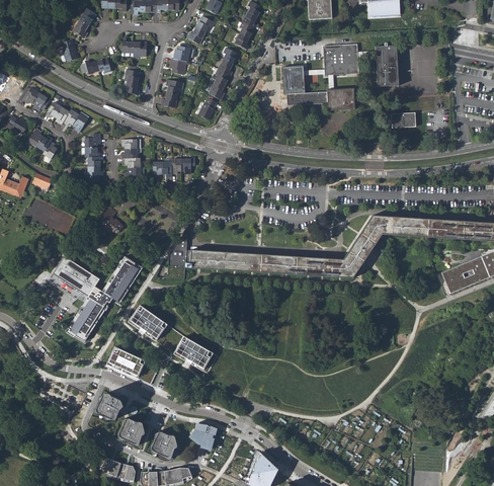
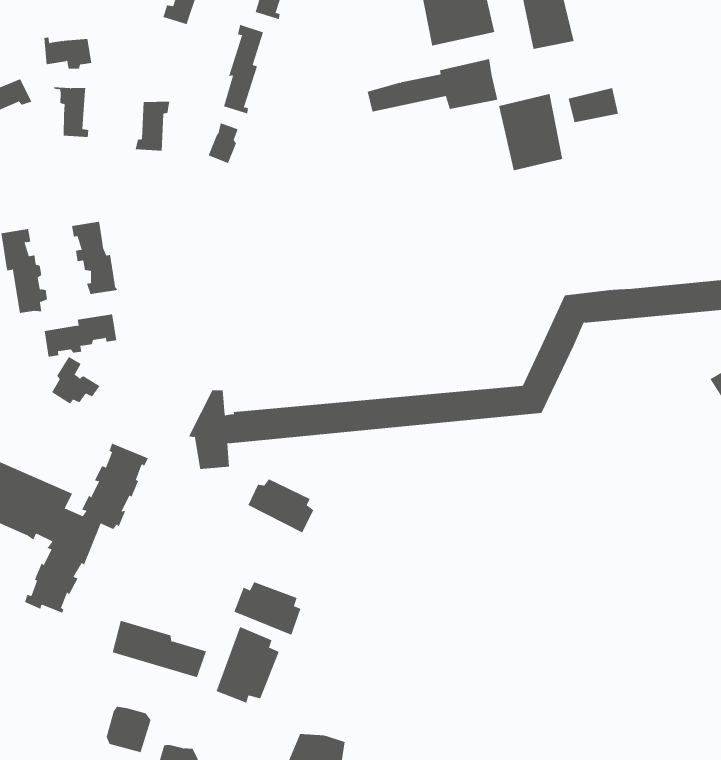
building: [169,44,190,74] -> none
building: [281,65,305,93] -> none
building: none -> [498,93,563,171]
building: [153,159,190,176] -> [44,314,117,357]
building: [130,309,164,340] -> [247,478,314,533]
building: none -> [216,626,279,703]

